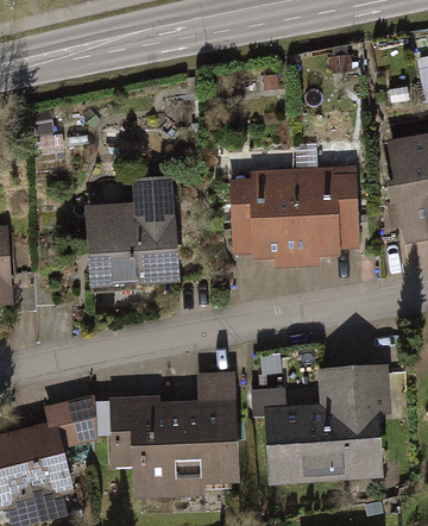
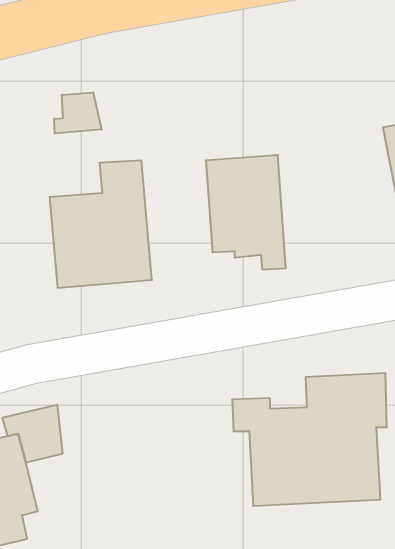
building: none -> [54,92,102,134]
building: [292,164,361,270] -> none
building: [107,369,239,501] -> none

